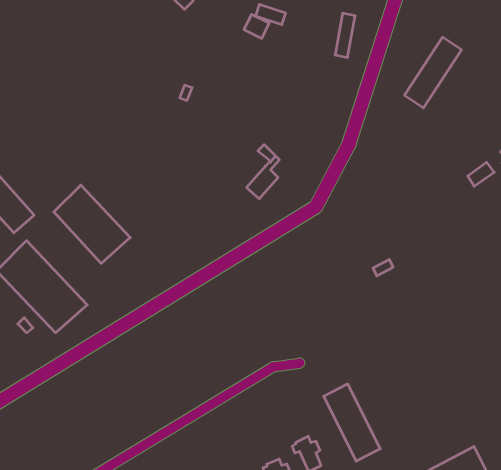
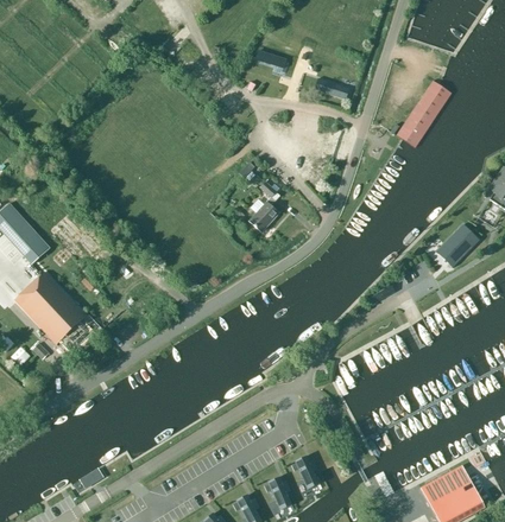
building: [54,185,130,263] -> none
building: none -> [435,225,479,267]
building: [324,384,380,461] -> none

